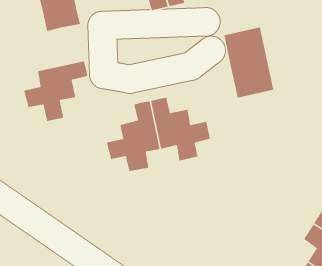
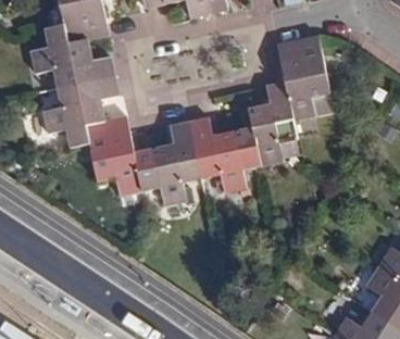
building: none -> [27,21,111,87]
building: none -> [233,80,295,165]
building: none -> [83,113,155,197]

